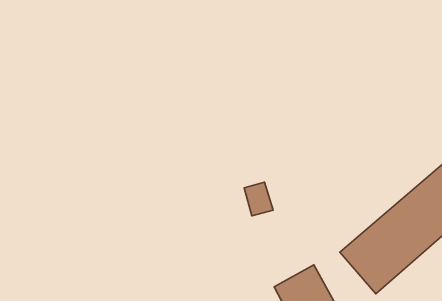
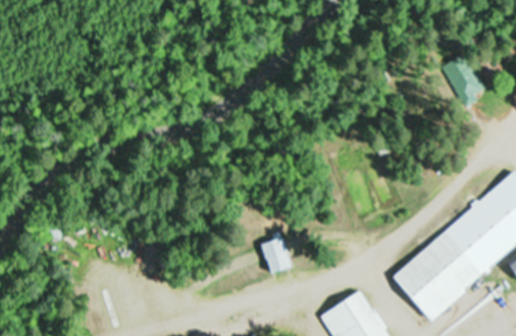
building: none -> [441,53,485,104]
building: [244,182,273,216] -> [260,238,291,274]

